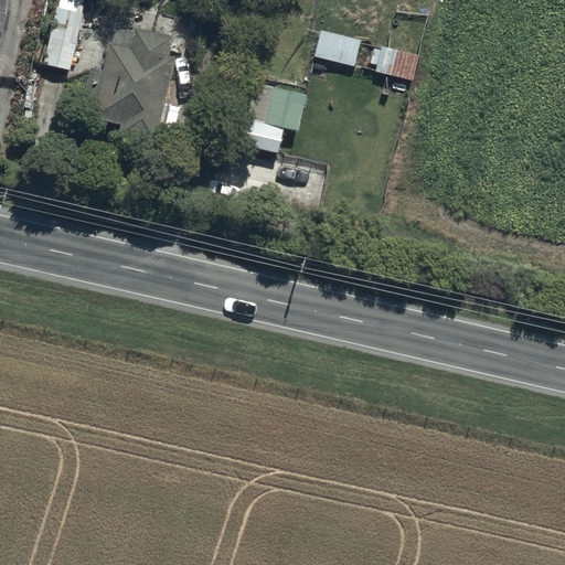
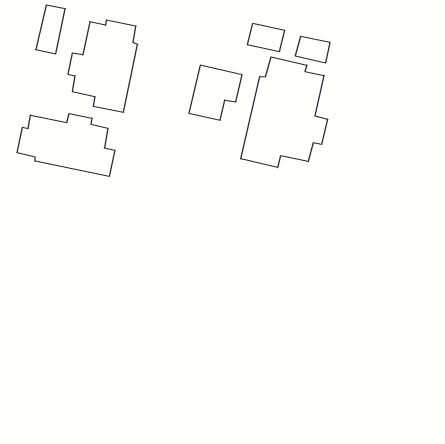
building: none -> [241,57,327,168]
building: none -> [17,114,115,176]

